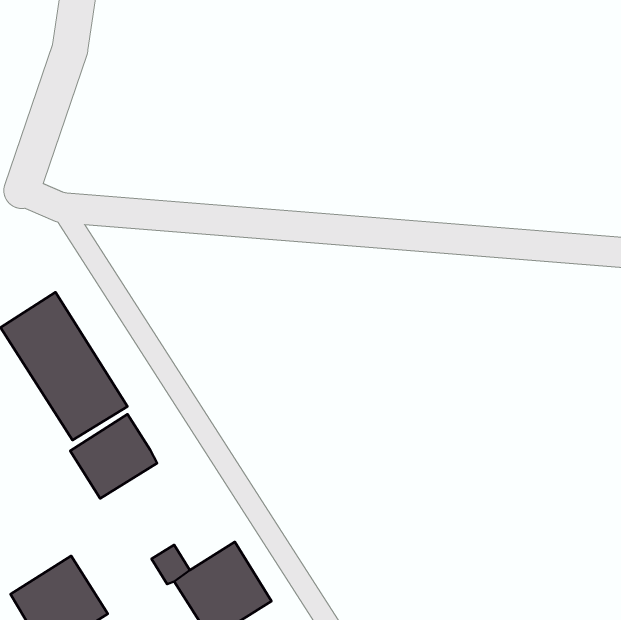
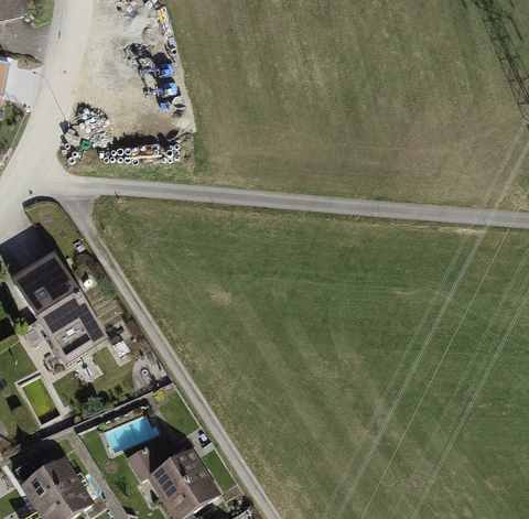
building: [70,414,157,499] -> none

